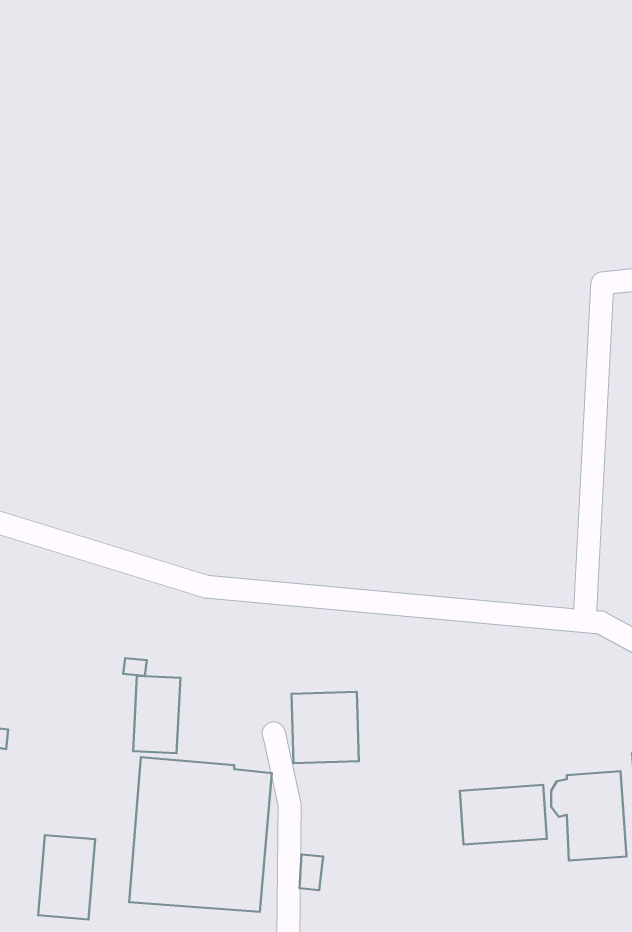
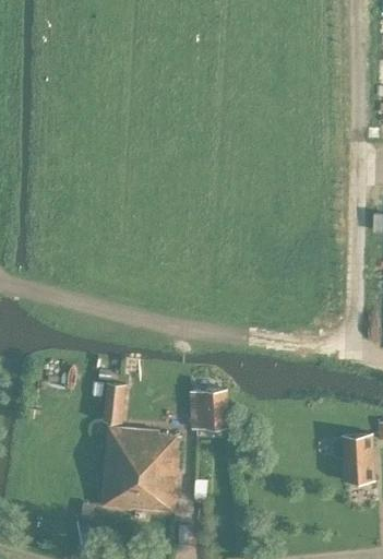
building: [460,785,547,845] -> none
building: [38,835,95,920] -> none

